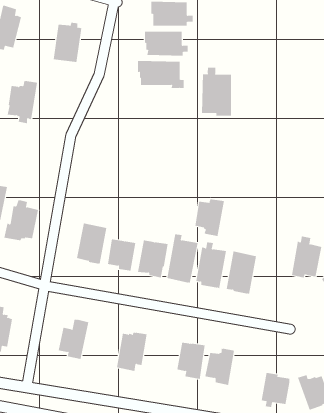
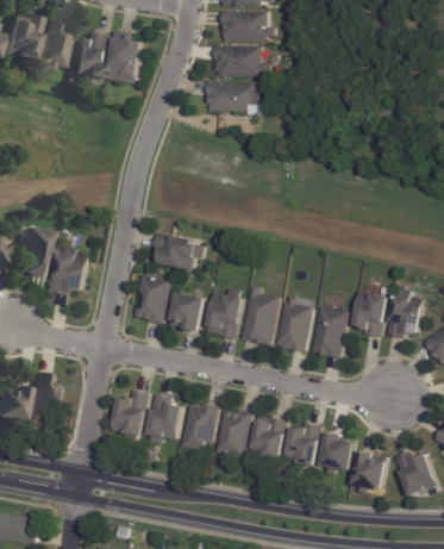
building: [201,67,232,117] -> none
building: [7,80,38,124] -> [70,31,107,83]
building: none -> [154,231,202,269]
building: [195,198,225,237] -> none
building: none -> [352,292,389,337]
building: none -> [146,393,182,442]
building: none -> [215,410,252,456]
building: none -> [320,431,355,474]

